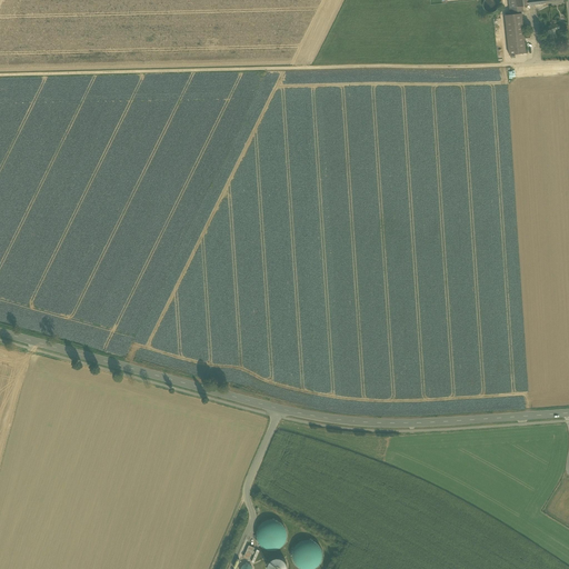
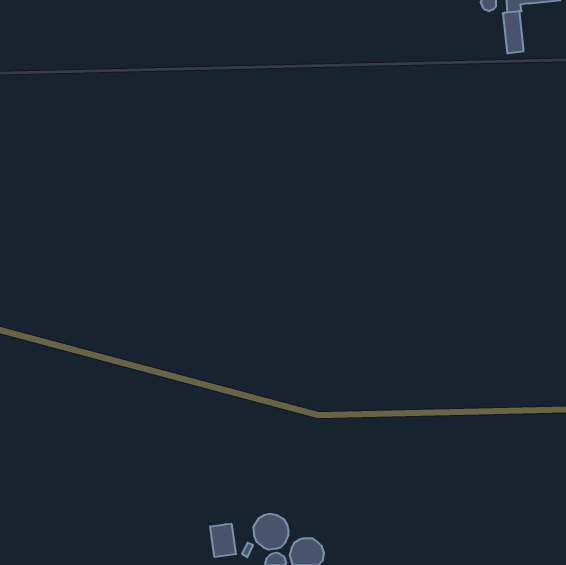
building: none -> [210,524,236,557]

